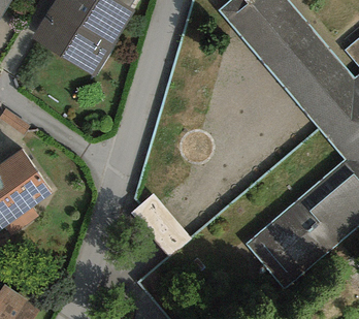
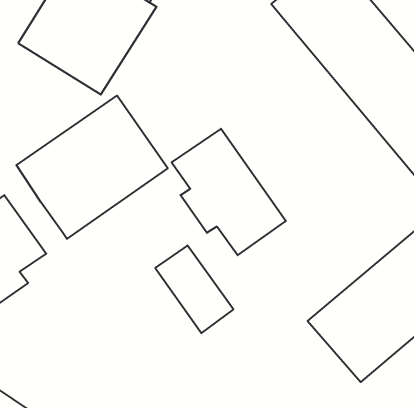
building: none -> [16,96,168,239]
building: none -> [172,129,286,255]

